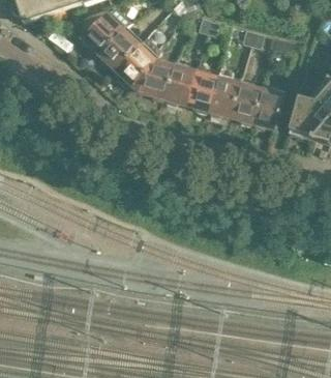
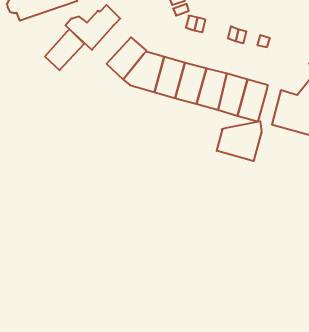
building: [98,25,140,68] -> [45,29,84,70]
building: none -> [217,121,262,161]

